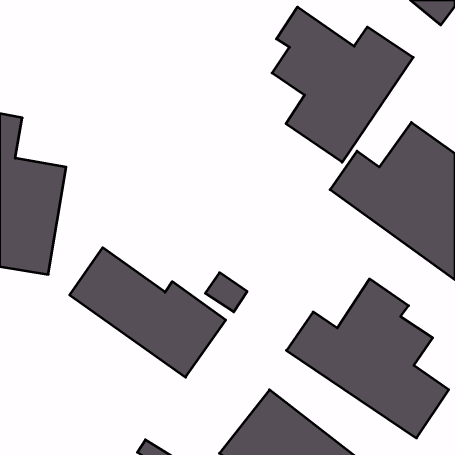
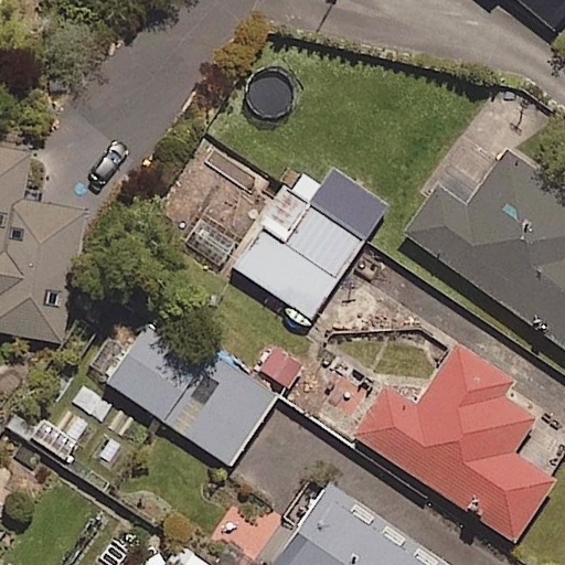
building: [272,7,413,162] -> none
building: none -> [233,169,388,320]

